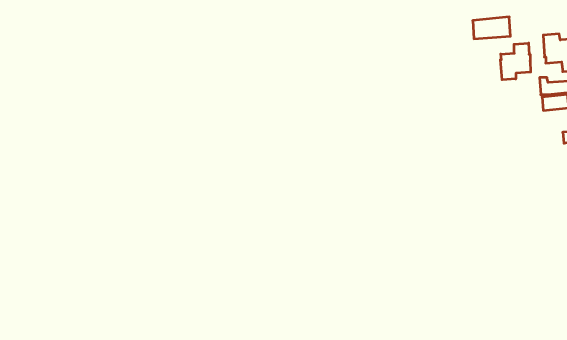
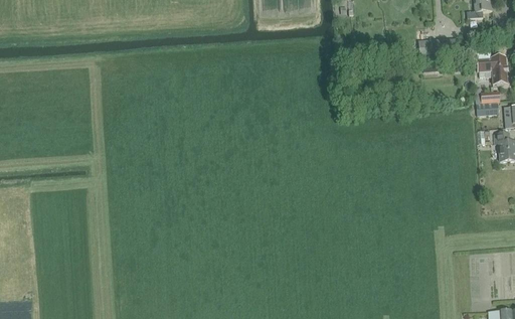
building: [500,43,531,80] -> none

